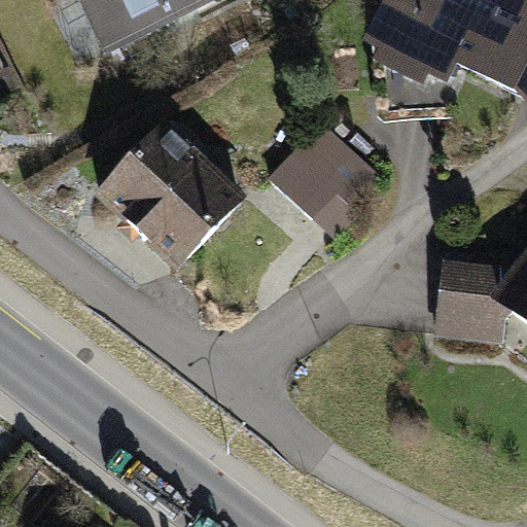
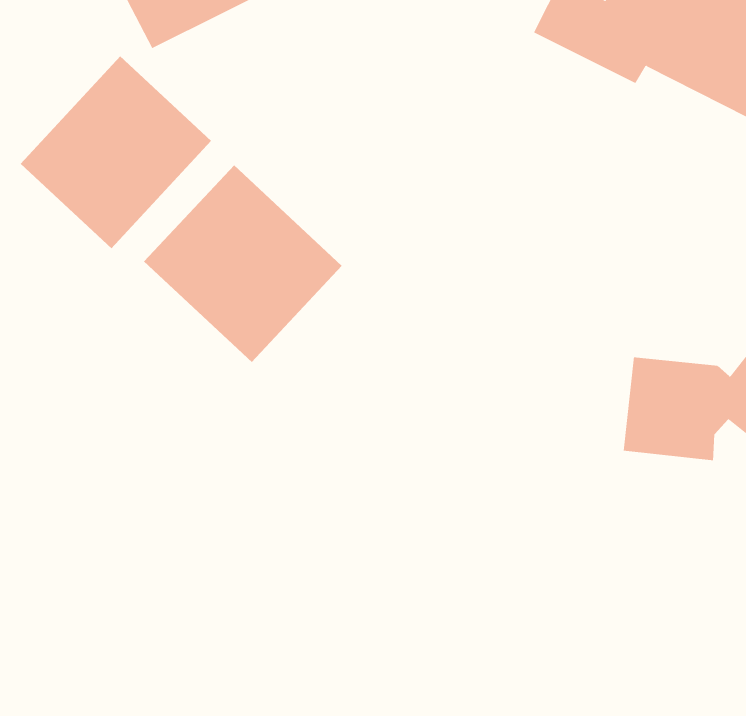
building: none -> [20,56,212,249]
building: [272,124,376,216] -> none

